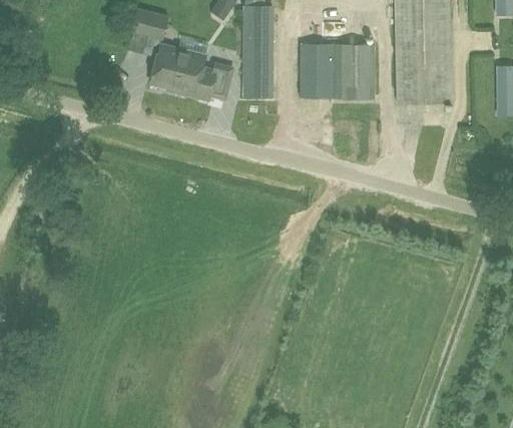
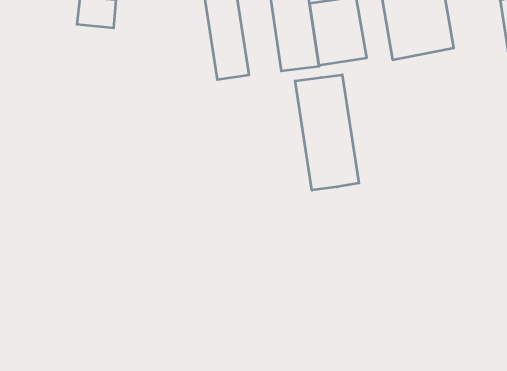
building: [151,45,232,98] -> none
building: none -> [295,75,359,190]

